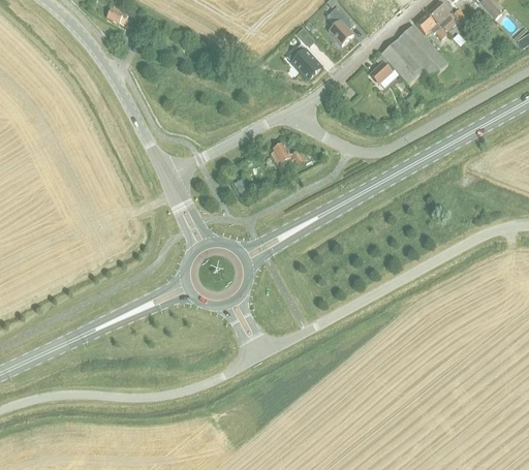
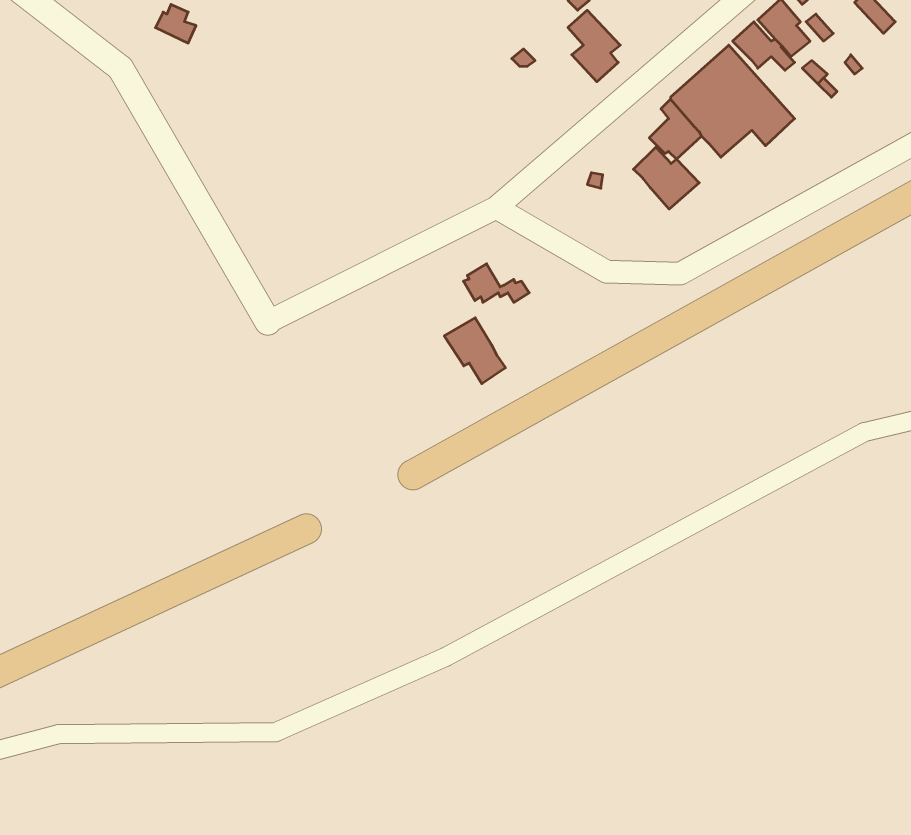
building: [286,43,320,79] -> none
building: none -> [633,147,699,209]
building: none -> [444,318,505,384]

